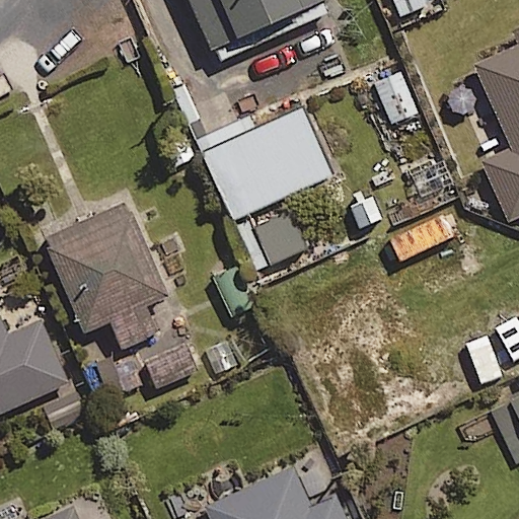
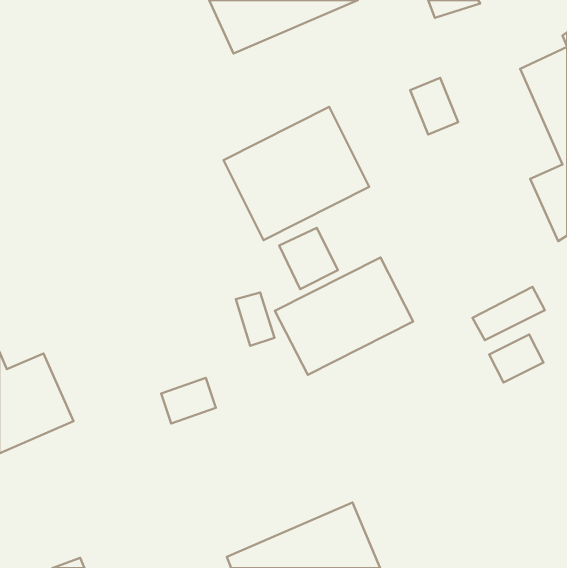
building: [44,204,167,349] -> none
building: none -> [275,257,413,375]

